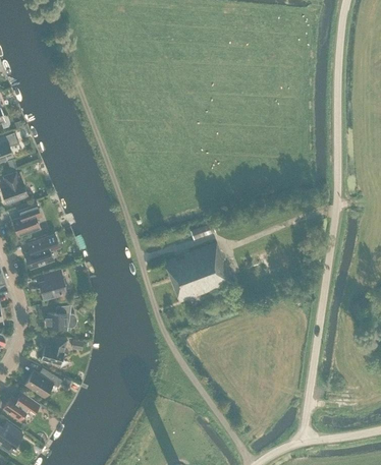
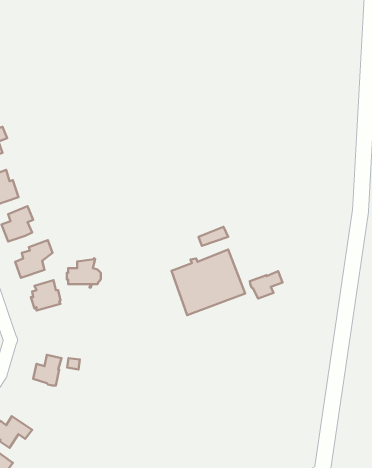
building: none -> [250,271,282,299]
building: [45,303,75,330] -> [67,258,101,288]
building: [23,367,60,397] -> none

